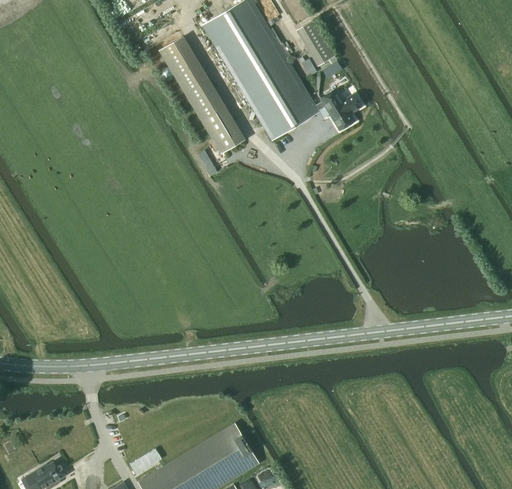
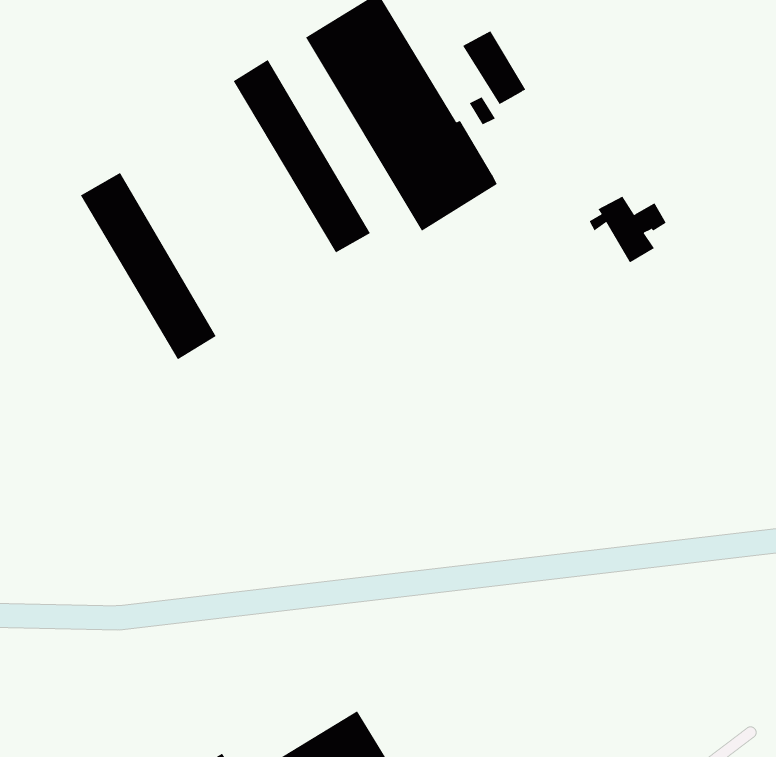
building: [315,90,361,130] -> [589,196,667,263]
building: none -> [80,172,216,360]

